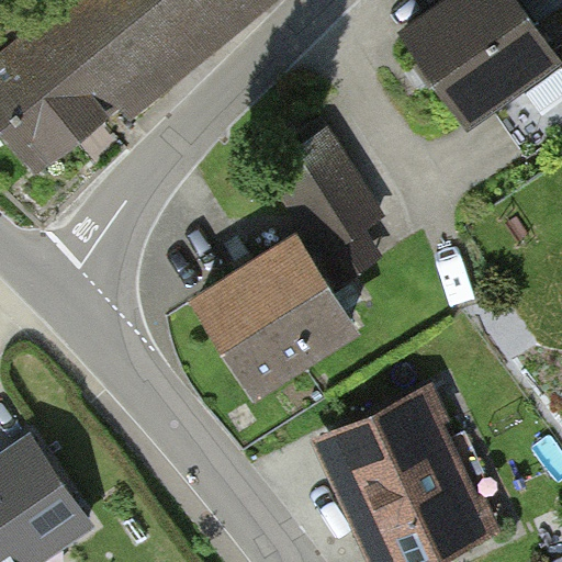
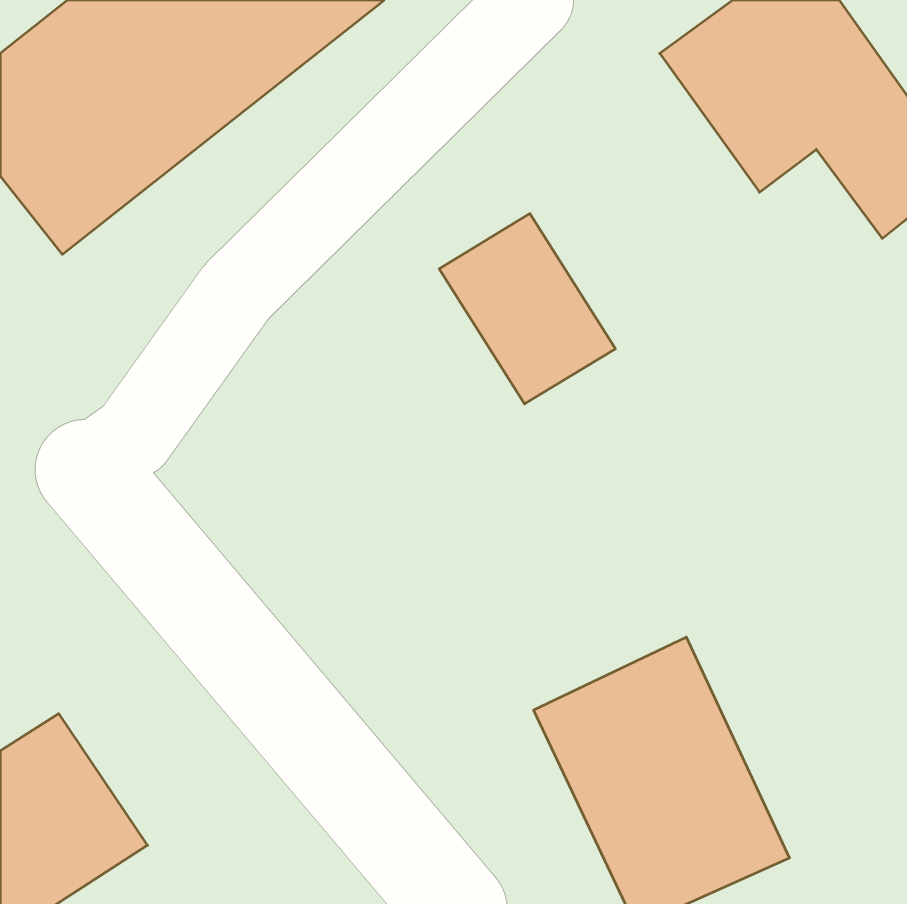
building: [205,240,353,386] -> none

